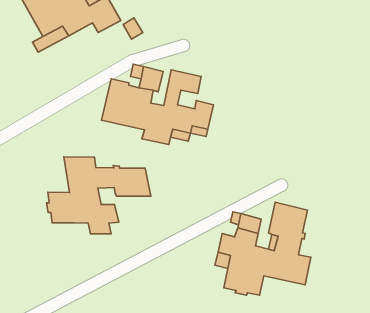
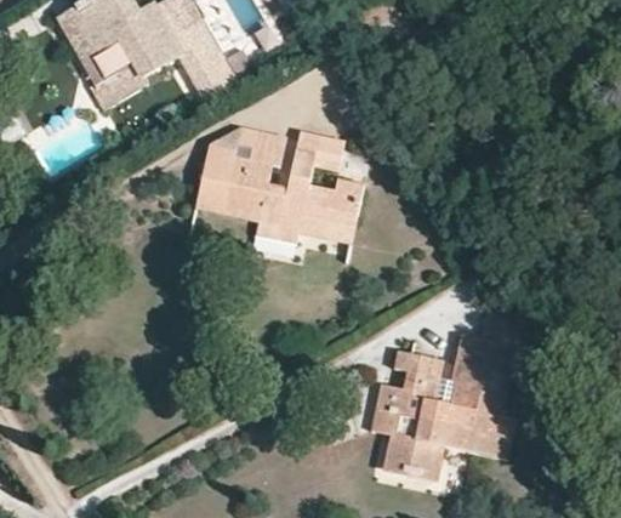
building: [47,157,151,234] -> none

